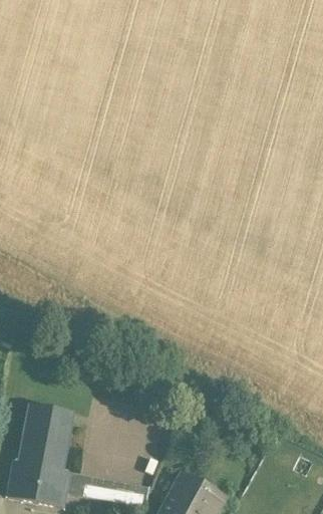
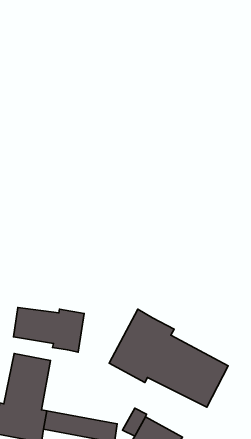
building: none -> [14,307,84,352]
building: none -> [109,309,228,407]

